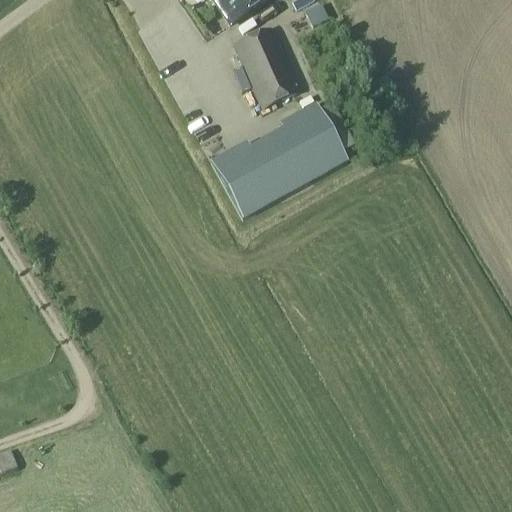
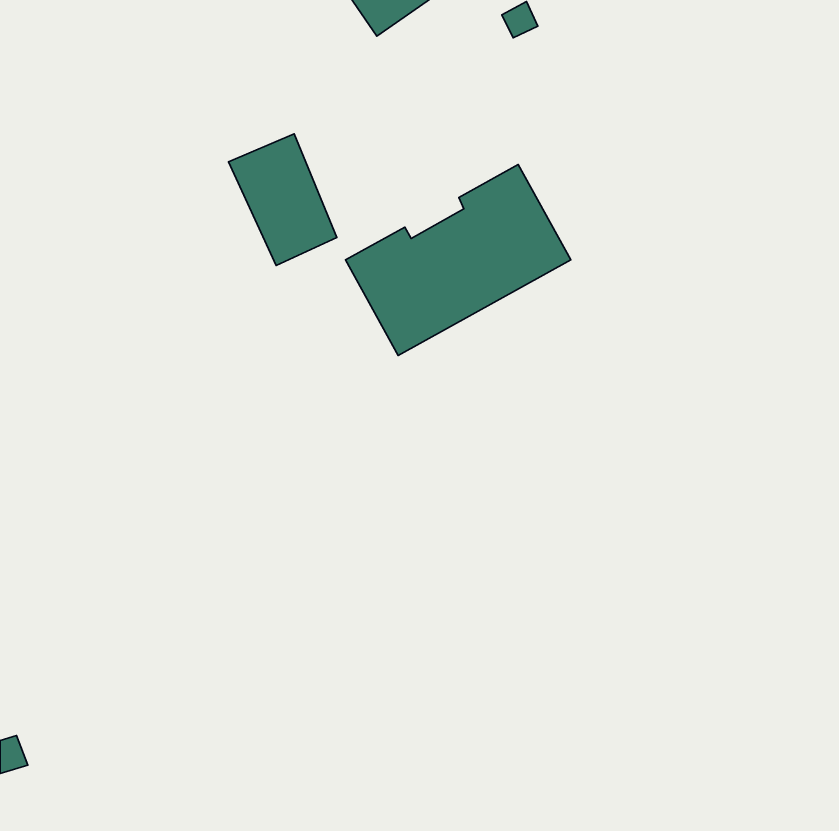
building: [233,26,299,106] -> [228,134,337,266]

